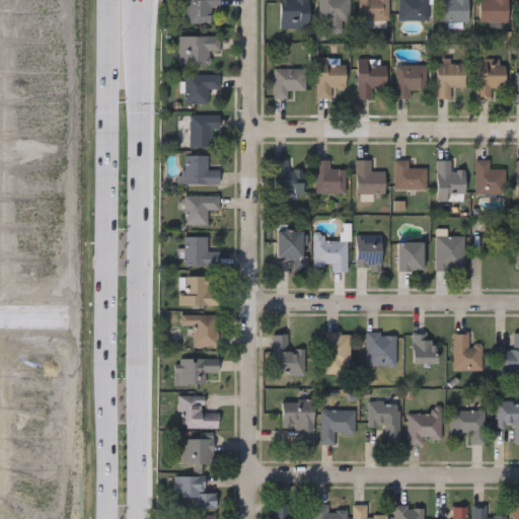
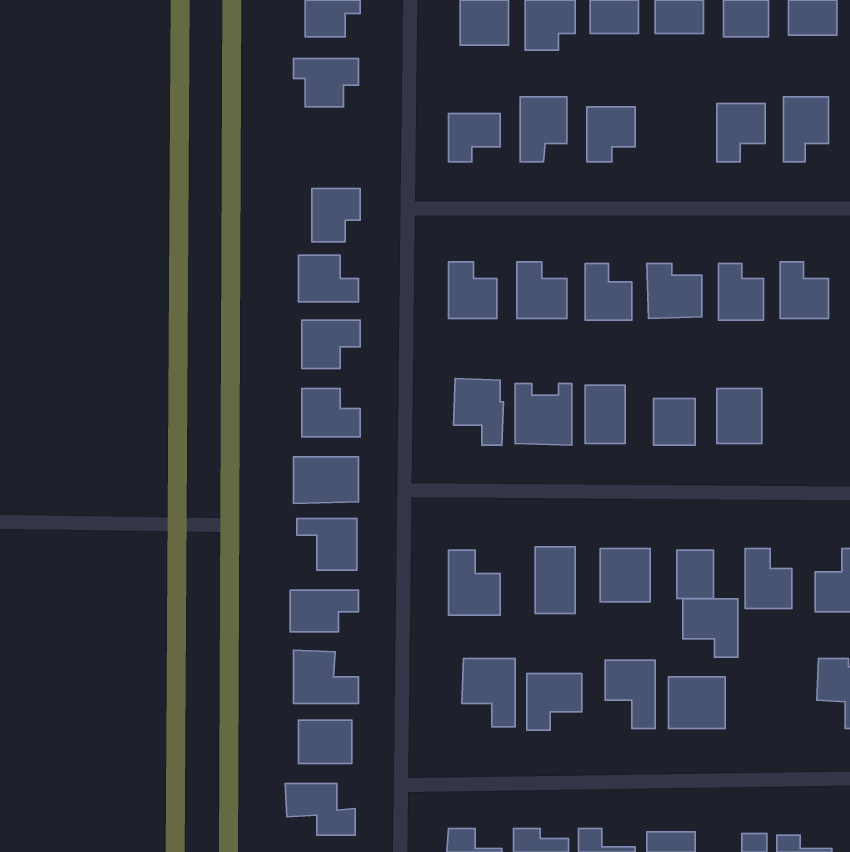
building: [396,65,427,98] -> none
building: [184,74,219,104] -> none
building: [451,410,485,445] -> [683,599,738,657]

